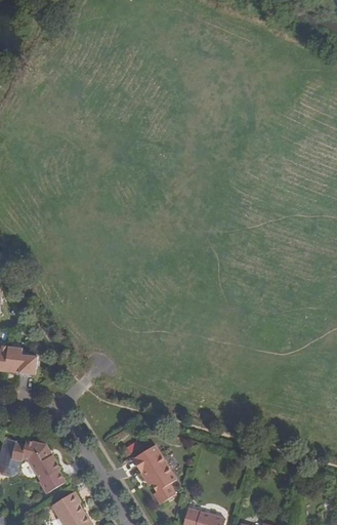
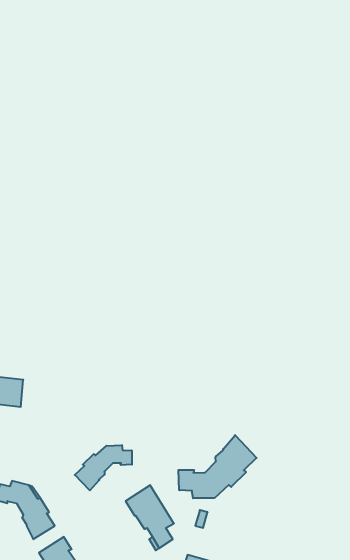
building: none -> [178,435,257,498]
building: none -> [75,445,132,490]

